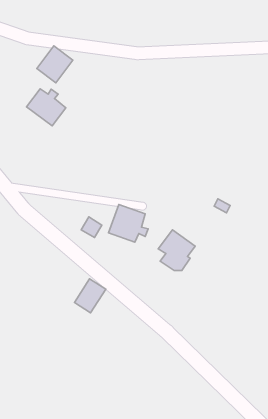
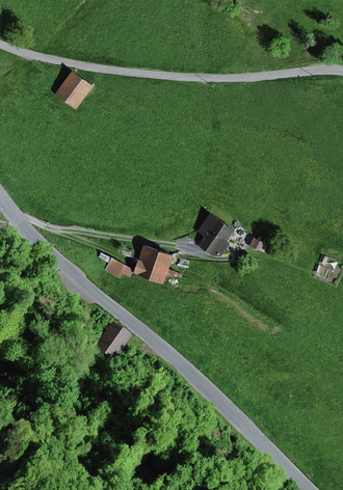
building: [27,89,66,126] -> none
building: [158,230,195,271] -> [195,211,236,255]

